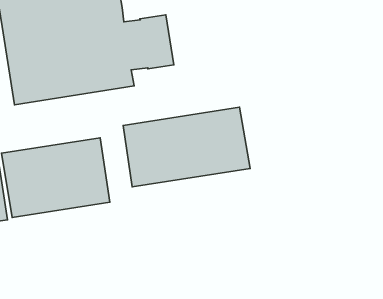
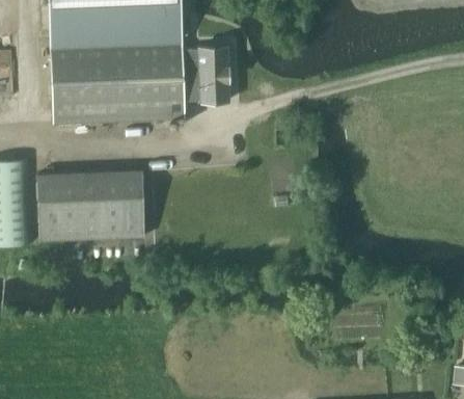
building: [123,107,250,187] -> none

